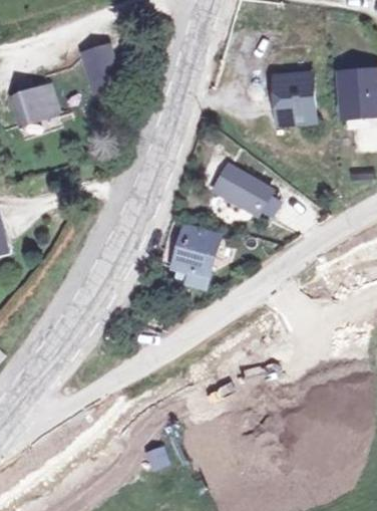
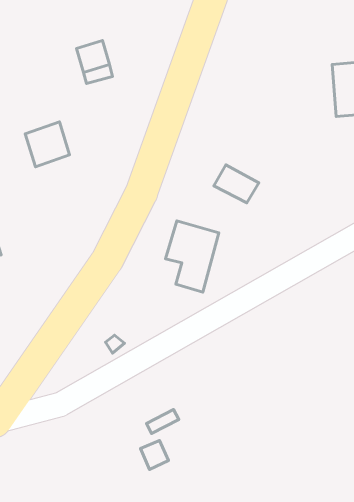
building: [279,73,319,123] -> none
building: [10,75,54,120] -> [25,122,69,167]

